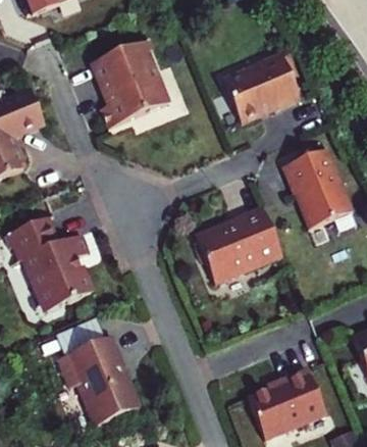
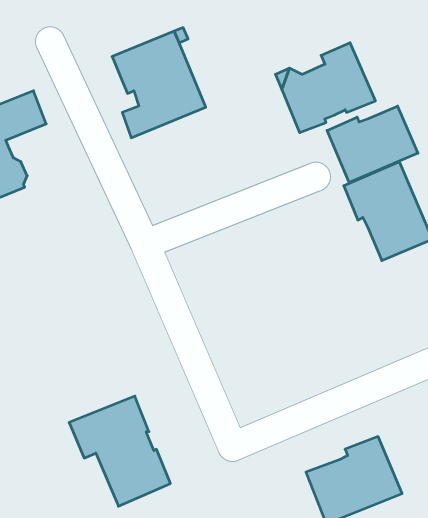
building: none -> [327,106,418,183]
building: [196,205,282,283] -> none
building: [6,215,89,308] -> none

